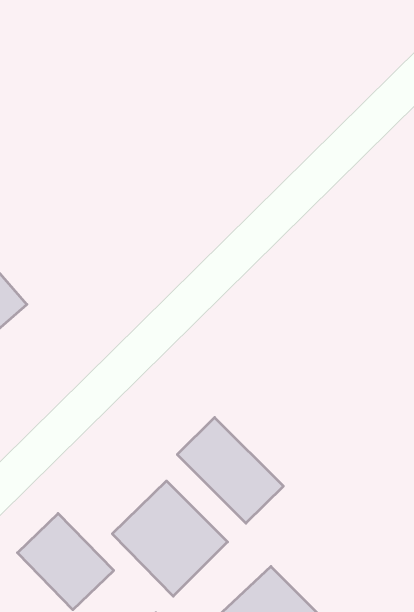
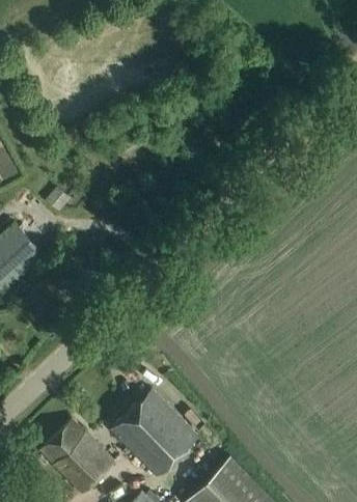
building: [177,417,283,523] -> none

